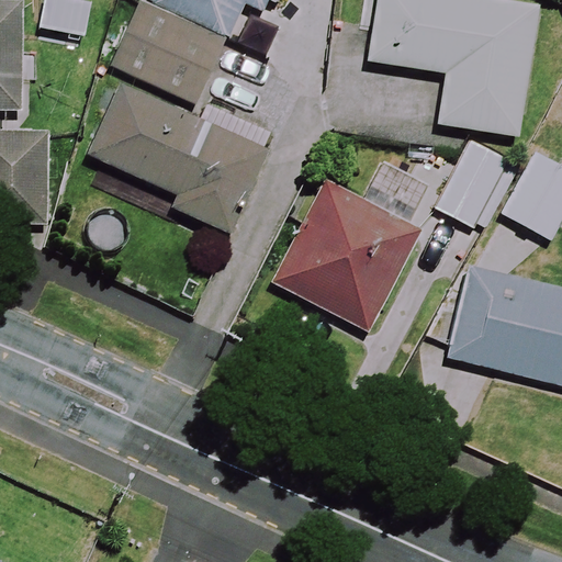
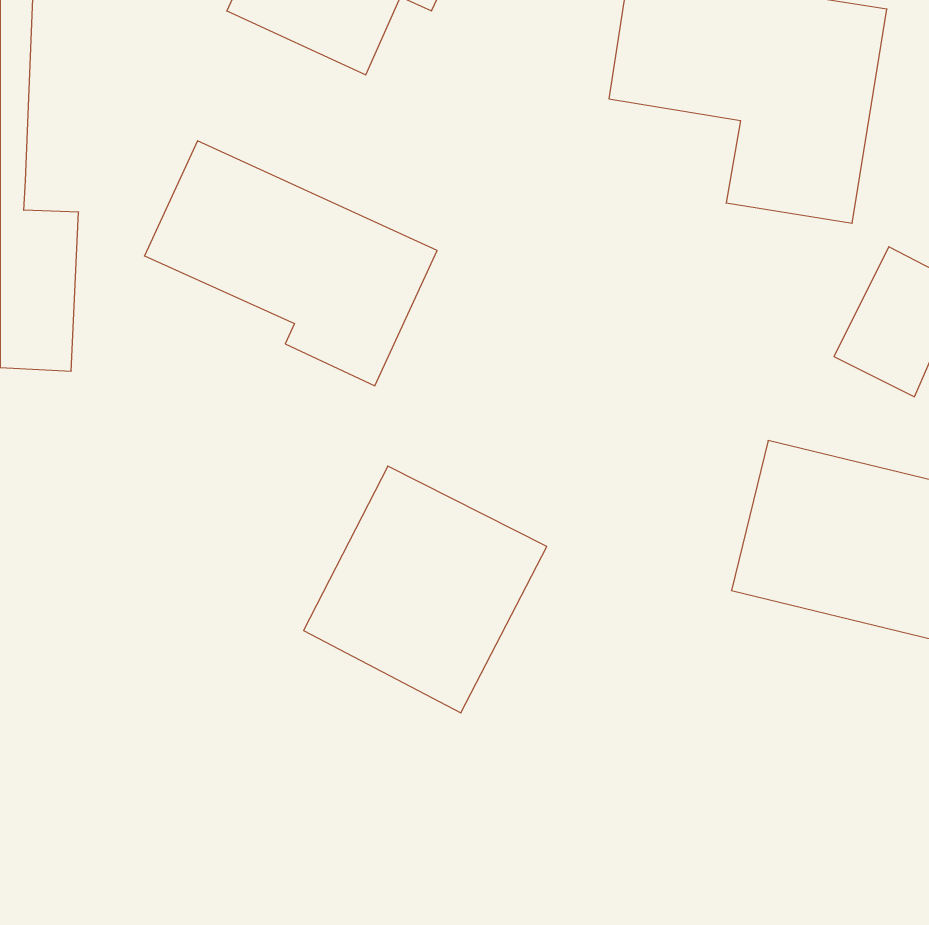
building: [113,7,223,101] -> none
building: [438,140,517,229] -> none
building: [273,183,419,331] -> [304,466,547,713]

